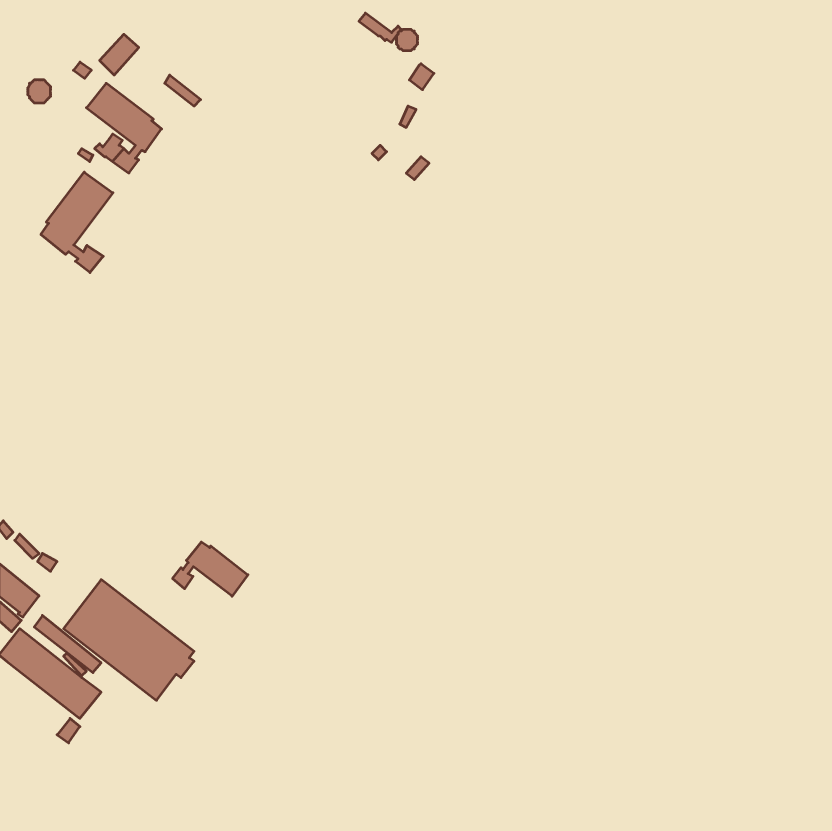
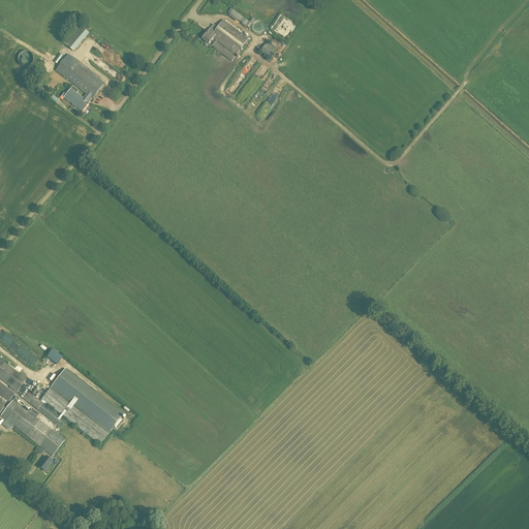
building: none -> [201,19,248,60]
building: [41,172,113,273] -> none
building: [173,542,248,596] -> none

